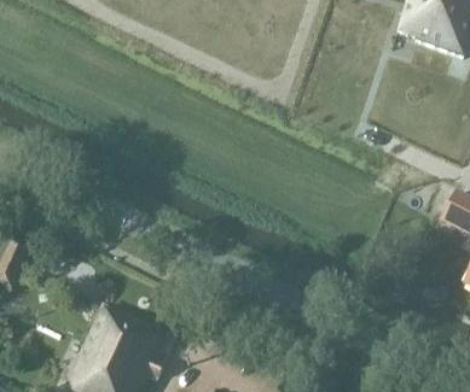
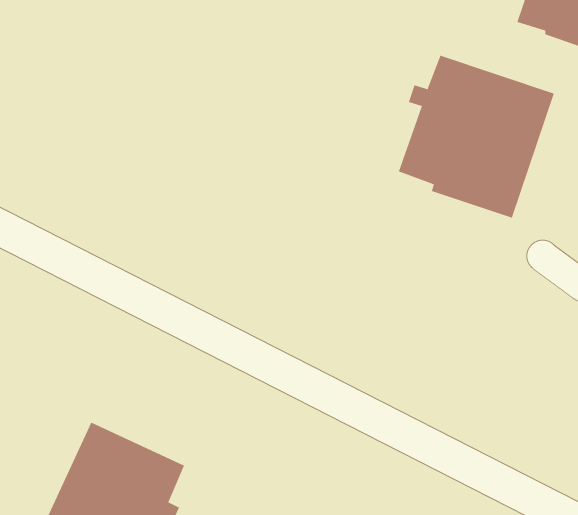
building: none -> [398,55,555,218]

